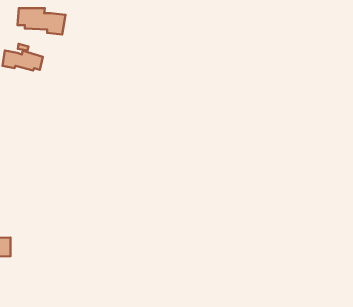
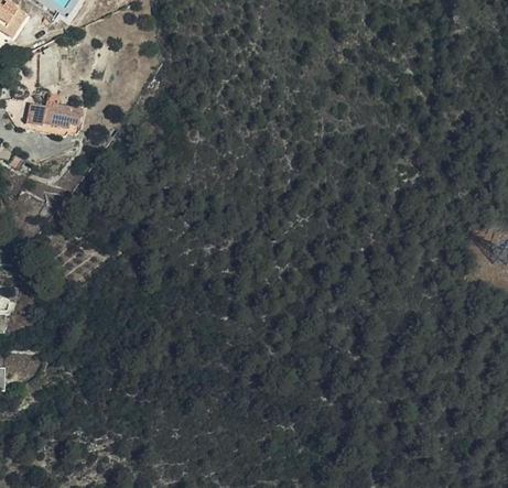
building: [17,8,65,34] -> none

